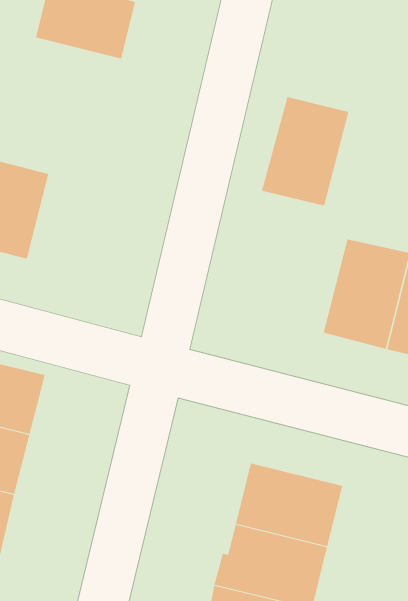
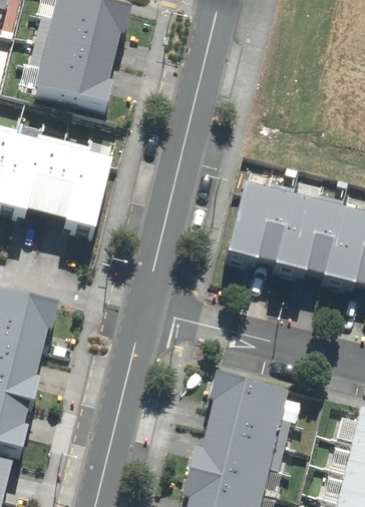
building: none -> [35,38,115,100]
building: [261,97,349,206] -> [224,184,293,271]
building: none -> [41,145,105,224]

